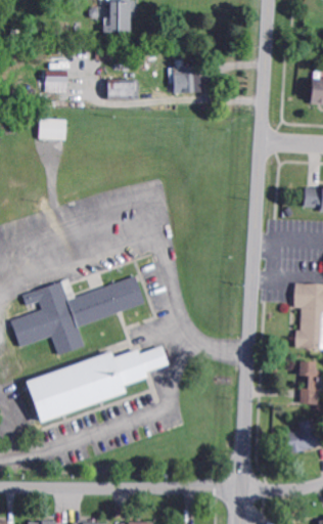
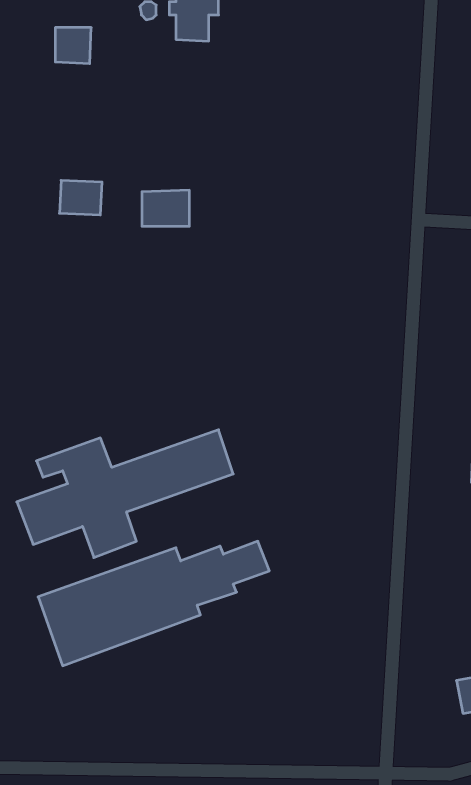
building: [167,67,200,93] -> none
building: [44,72,66,94] -> [55,28,91,64]
building: [106,79,136,101] -> [142,190,189,226]

